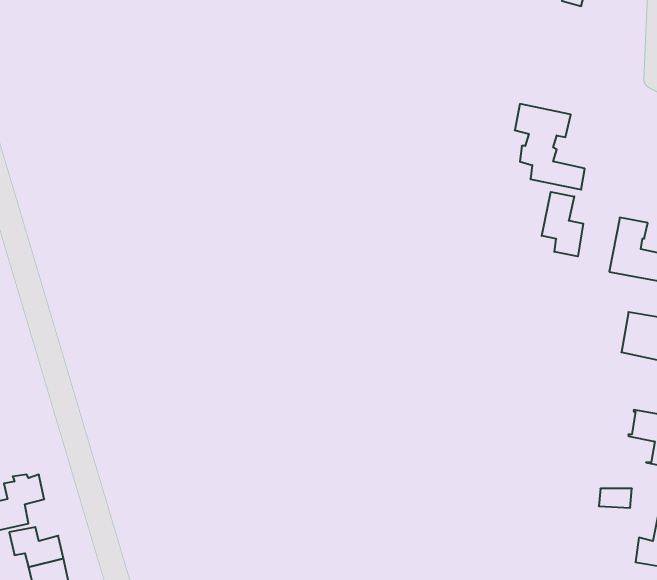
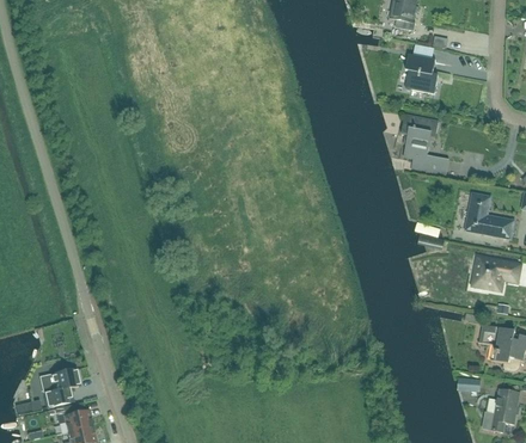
building: none -> [405,54,439,93]
building: [542,192,583,256] -> none

